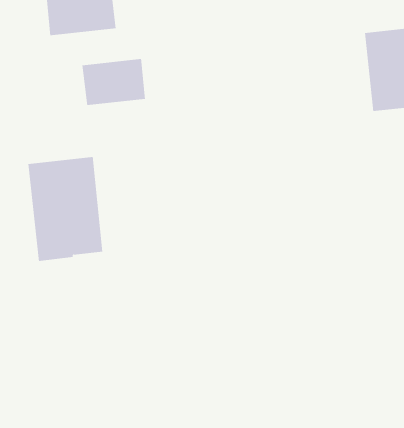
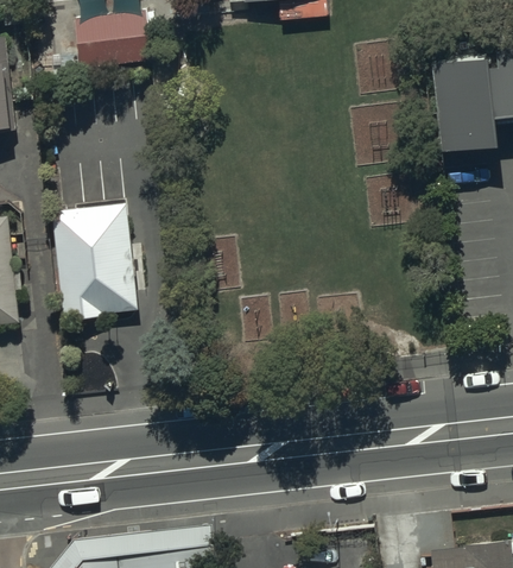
building: [82,58,146,106] -> none

